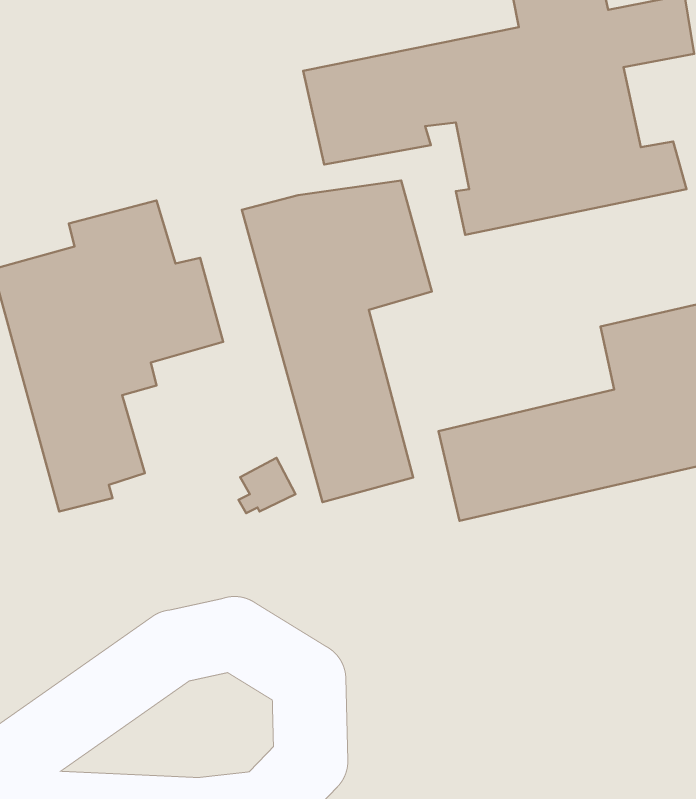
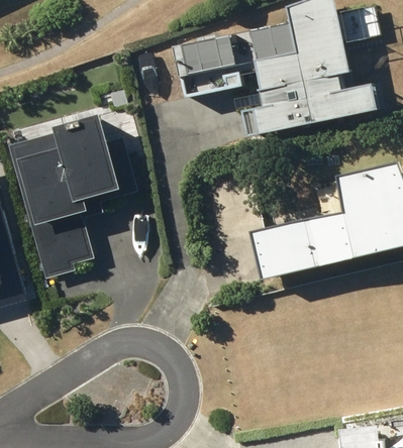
building: [242,181,432,502] -> none

